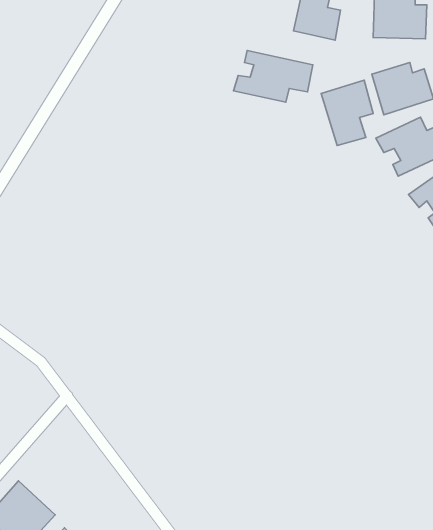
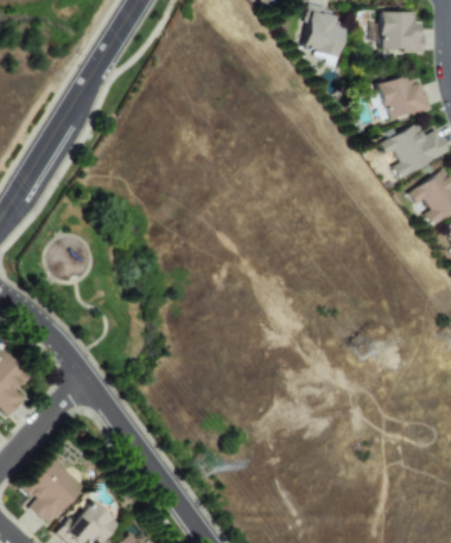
building: [234,50,313,102] -> none
building: [321,80,373,146] -> none

